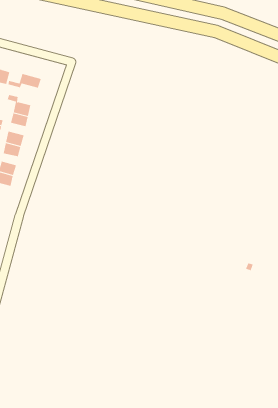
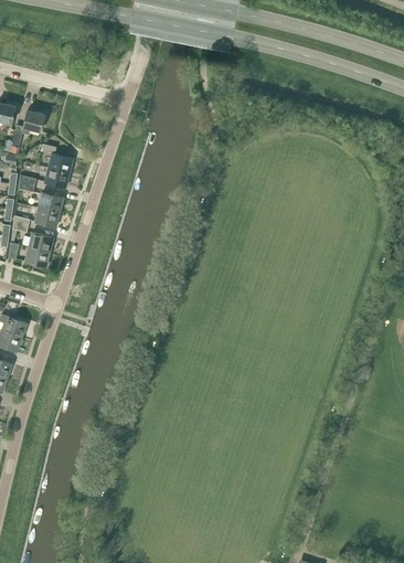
building: [8,73,42,88] -> none

